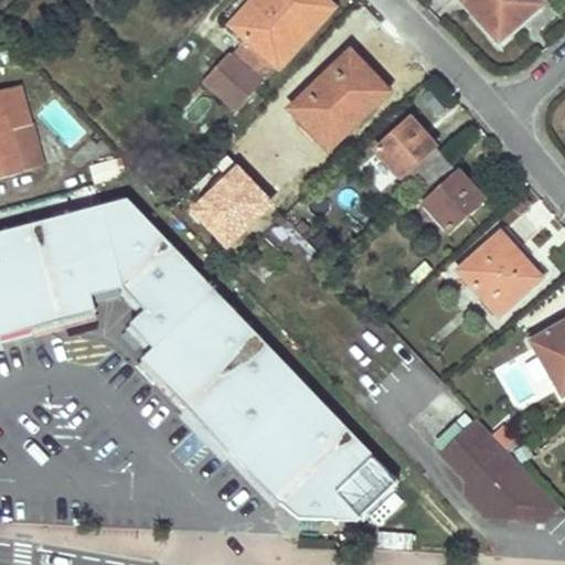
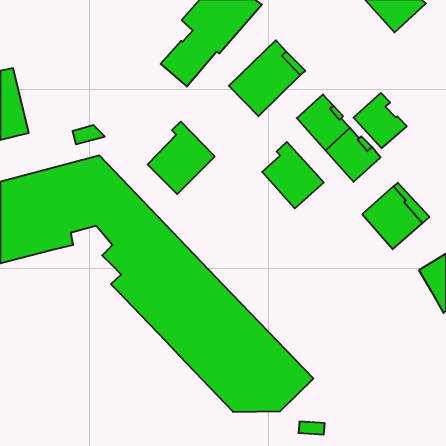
building: none -> [353,93,407,148]
building: none -> [262,142,324,208]
building: [443,420,558,521] -> none

